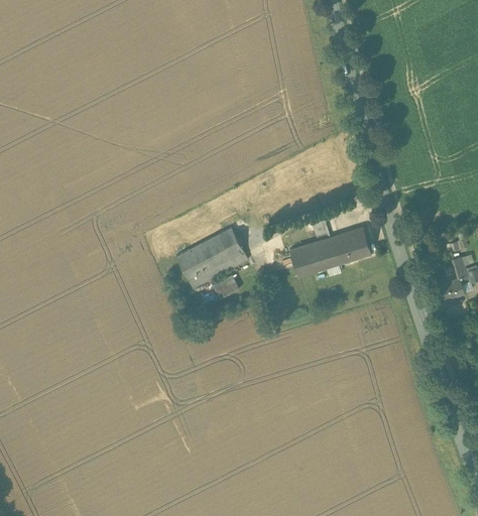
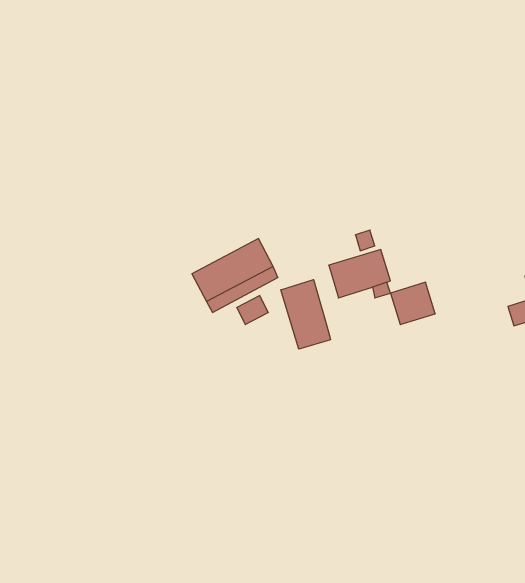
building: [333,228,370,263] -> [390,282,435,325]
building: none -> [281,280,331,349]

